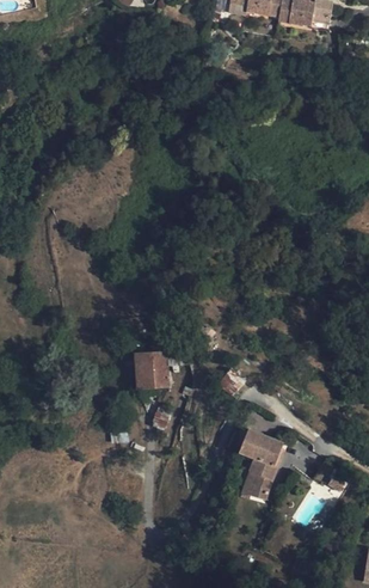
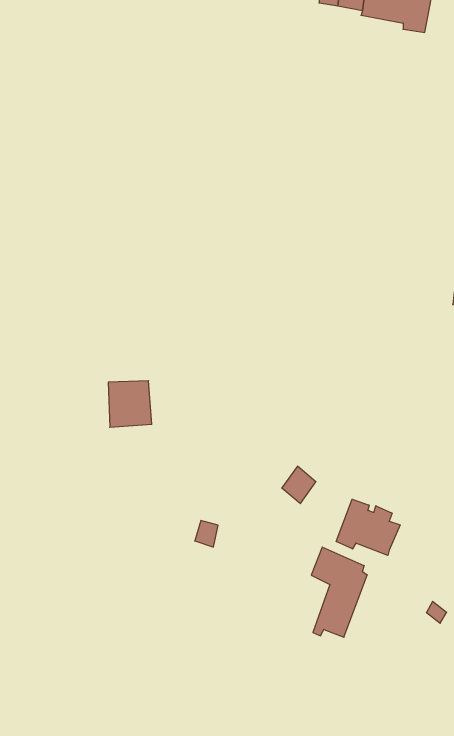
building: [135,351,168,387] -> [108,381,152,427]
building: none -> [336,499,400,555]

